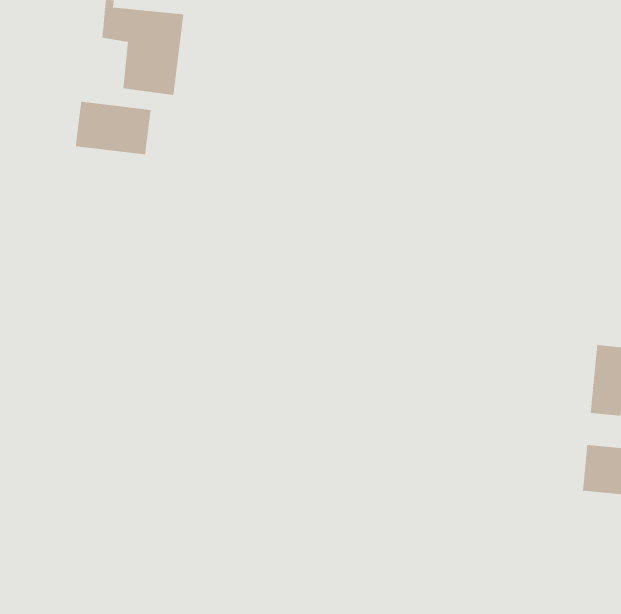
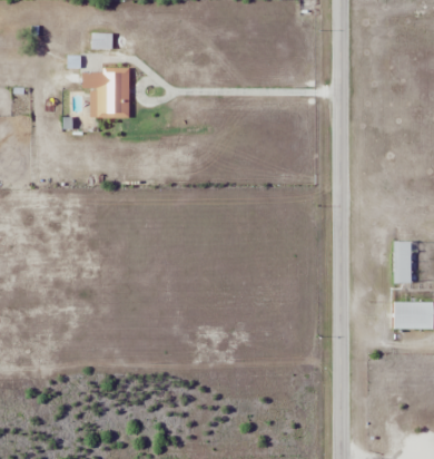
building: [75,101,151,155] -> none

